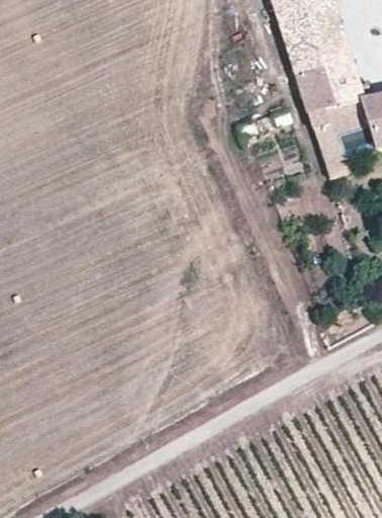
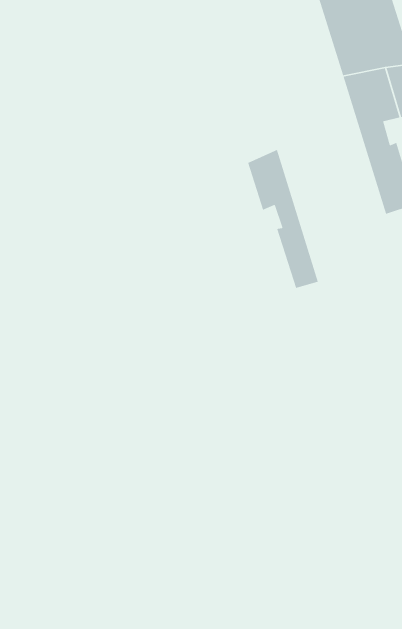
building: none -> [247,149,319,289]

